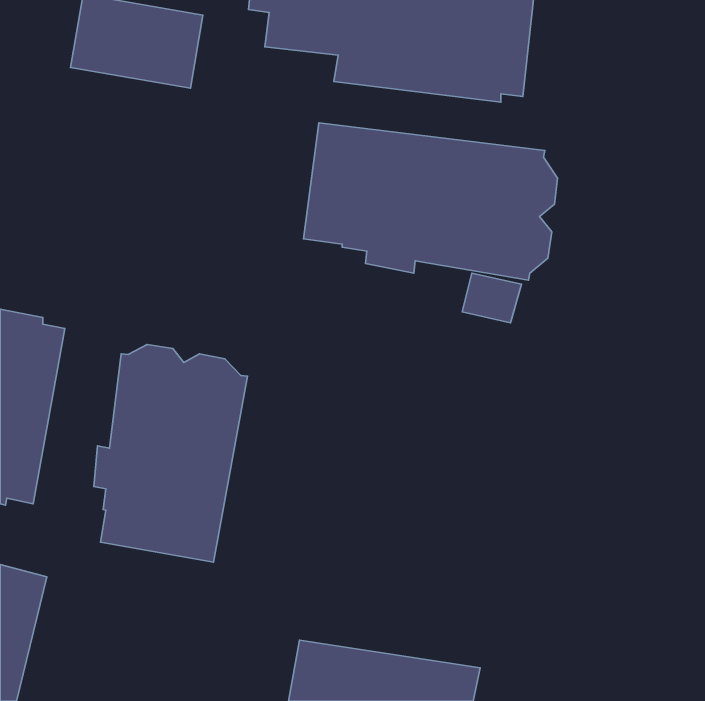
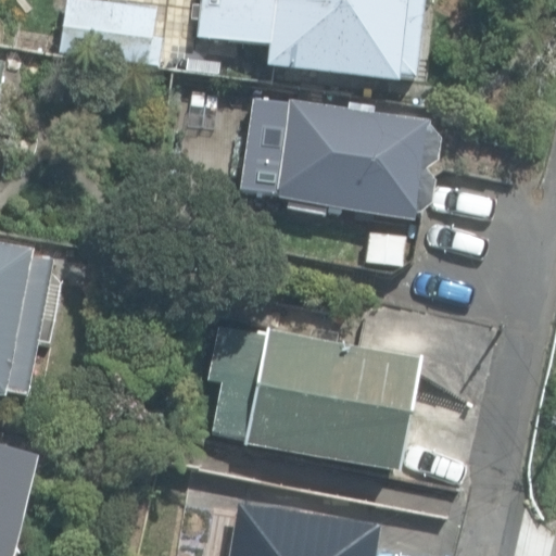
building: [94,345,248,562] -> none
building: none -> [211,325,424,472]

